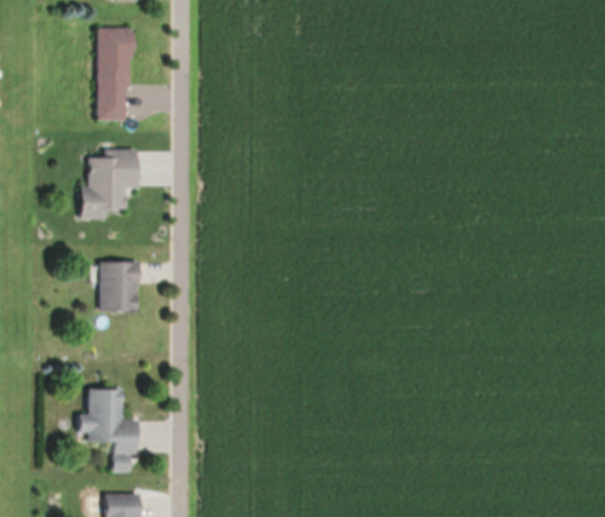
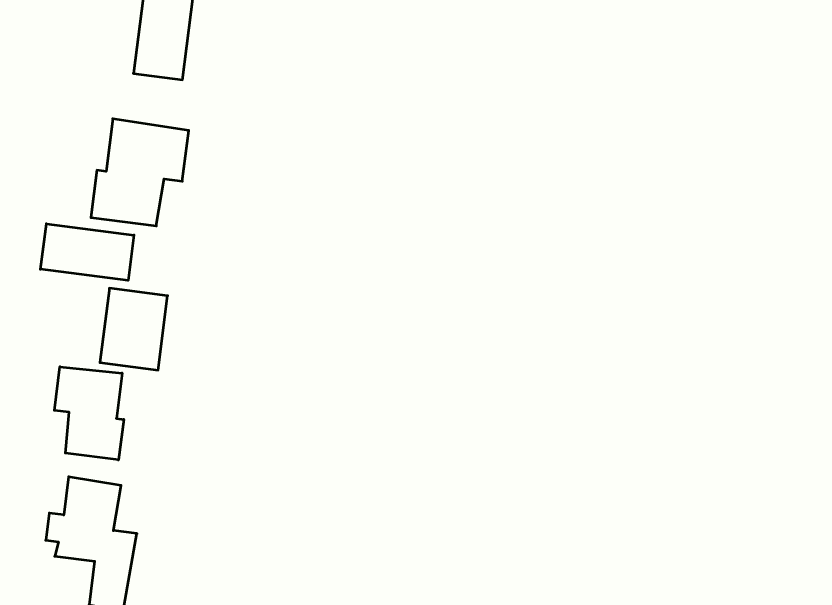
building: none -> [40,224,134,280]
building: none -> [54,367,124,460]

